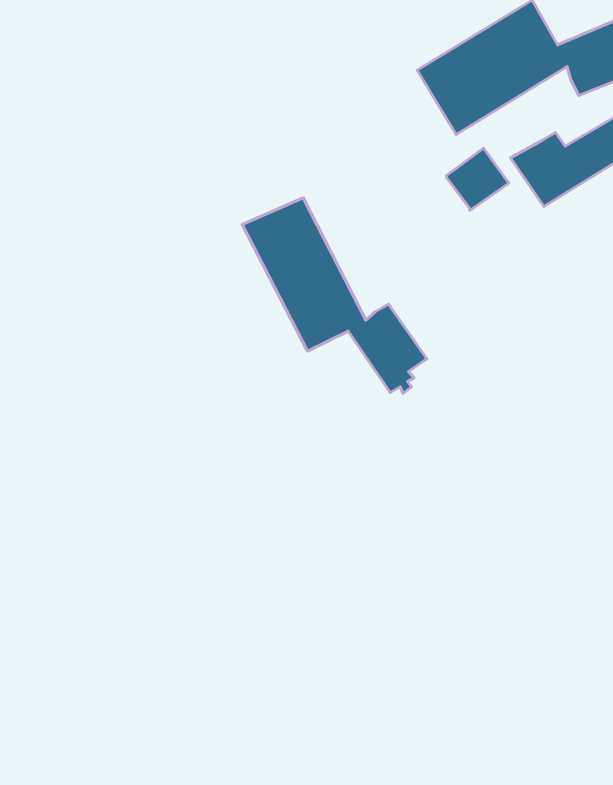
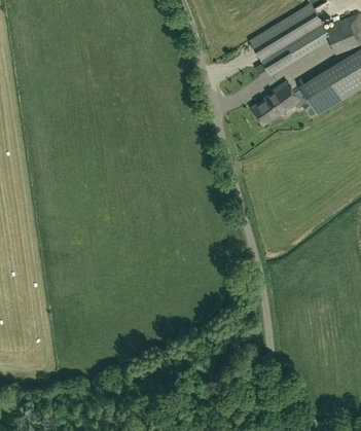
building: none -> [250,97,278,124]
building: [242,198,427,394] -> none

